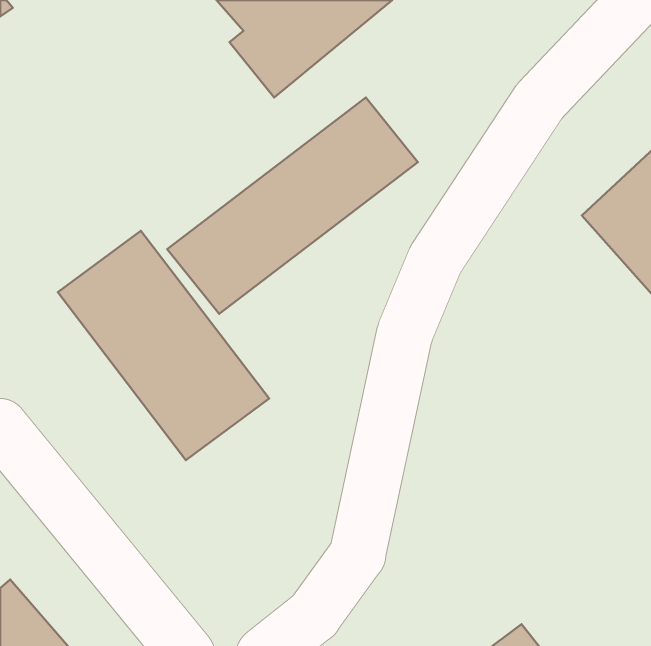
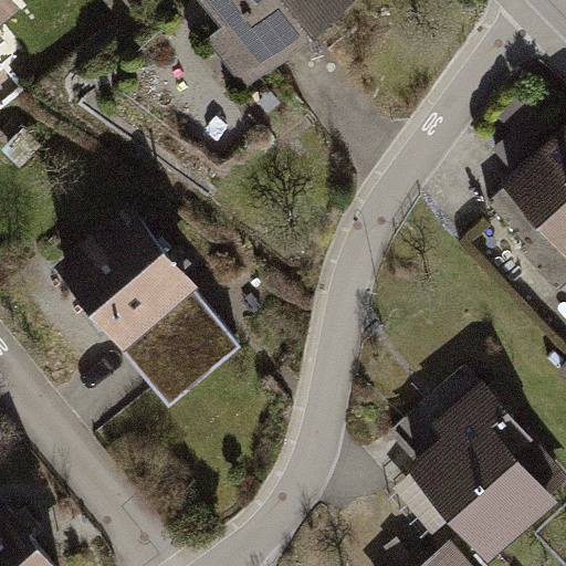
building: [167,97,418,314] -> none
building: none -> [406,380,556,559]

